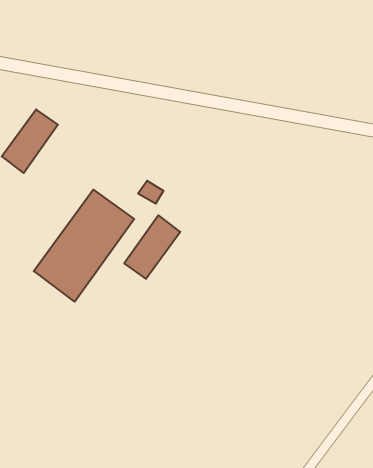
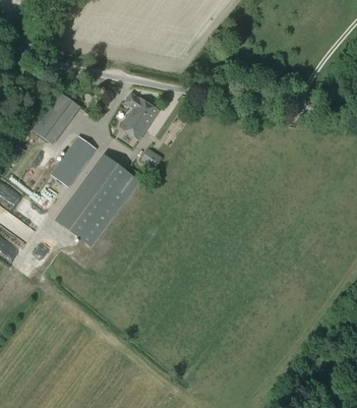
building: none -> [120,92,159,139]
building: [124,215,180,279] -> [51,135,96,186]

